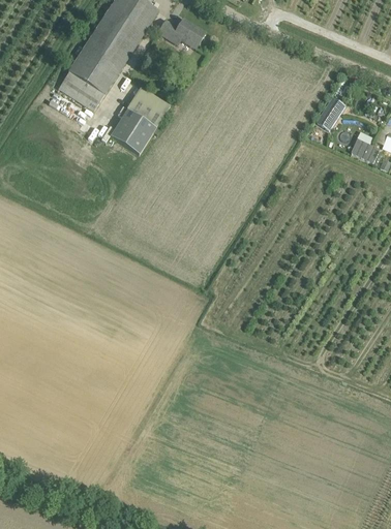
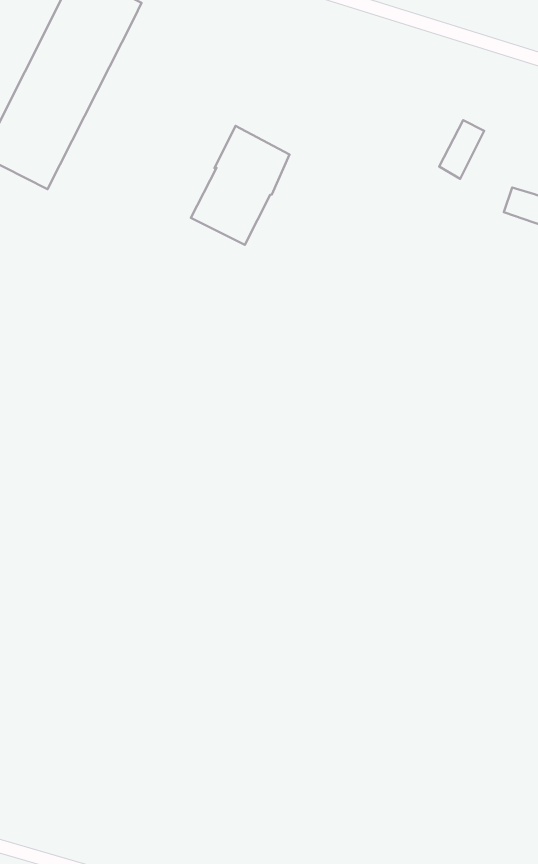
building: [157,20,205,49] -> none
building: [109,86,169,154] -> [191,126,289,245]

